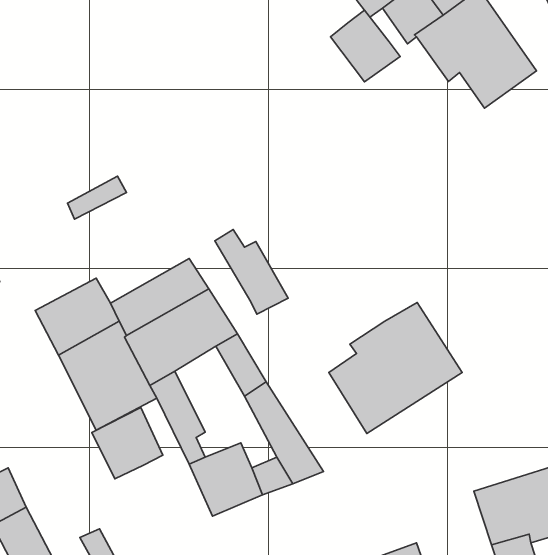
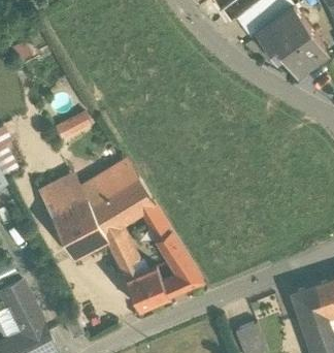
building: [331,10,400,82] -> none
building: [215,230,288,314] -> none
building: [329,303,462,433] -> none
building: [92,408,163,479] -> none

